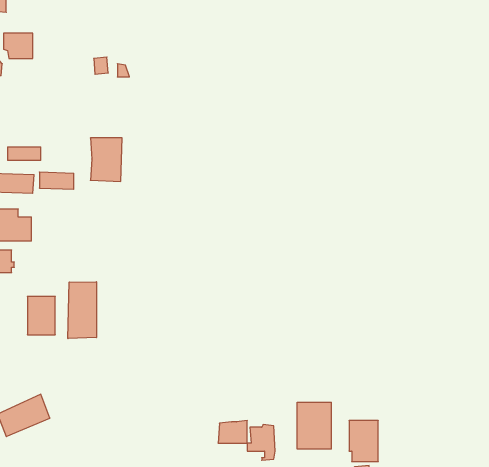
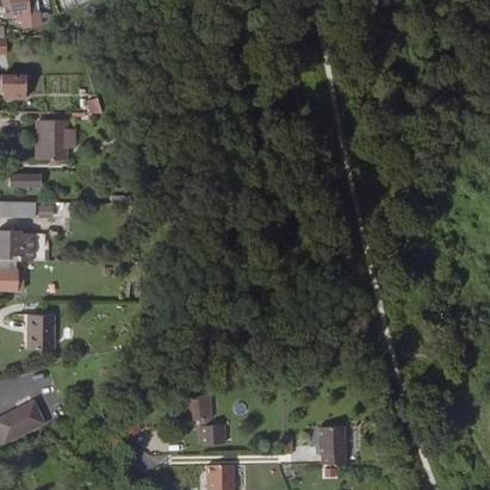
building: [90,138,122,181] -> [38,122,67,161]
building: [68,282,96,339] -> none
building: [297,402,331,449] -> none
building: [247,425,275,460] -> [188,395,213,427]

